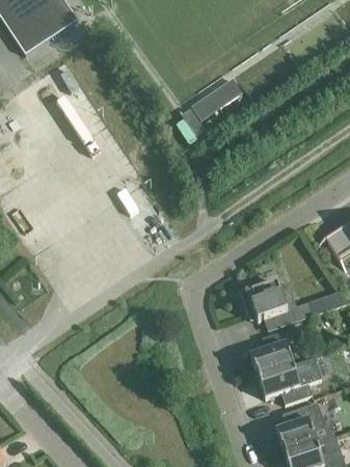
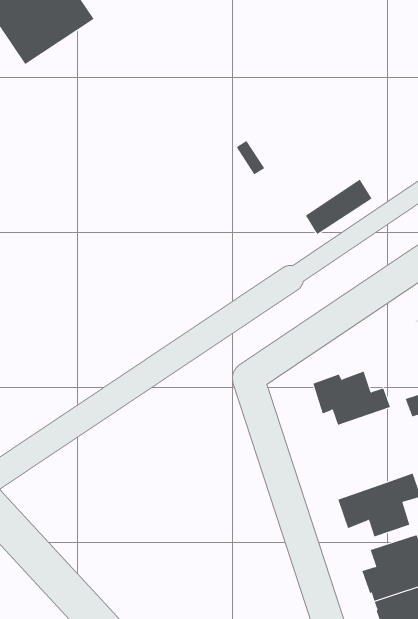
building: [192,80,242,121] -> [306,179,373,235]
building: [250,328,293,377] -> none

